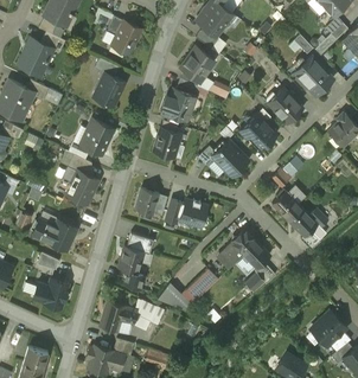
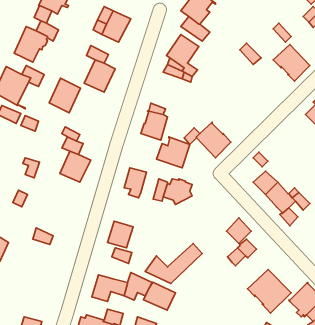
building: [159,88,194,121] -> [157,137,190,168]
building: [264,88,302,123] -> none
building: [238,114,276,150] -> none
building: [79,118,113,155] -> [49,78,80,113]
building: [31,219,76,250] -> none
building: [218,229,256,267] -> none
building: [43,277,68,308] -> none
building: none -> [248,270,291,313]
building: none -> [144,282,175,310]

